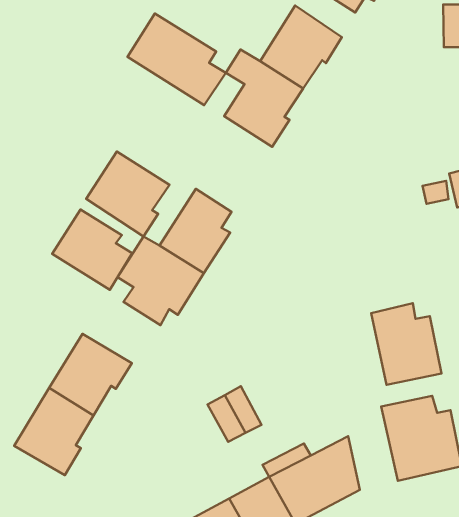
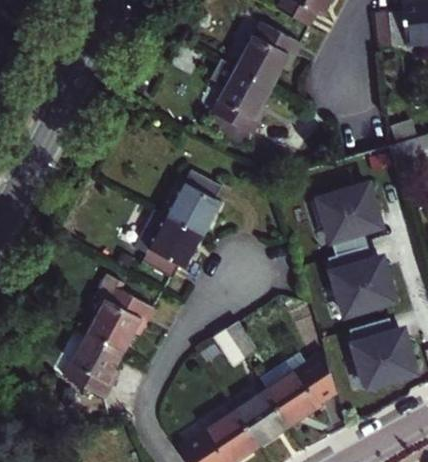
building: [128,14,226,105] -> none
building: [86,151,169,237] -> none
building: [52,210,132,290] -> none
building: none -> [311,183,381,257]

